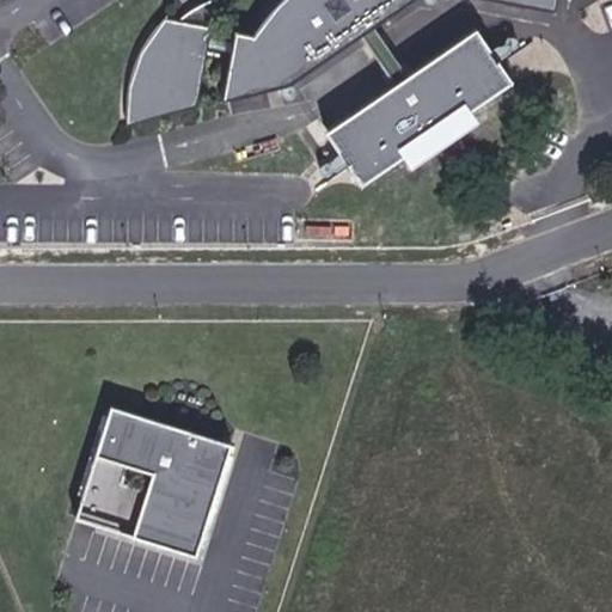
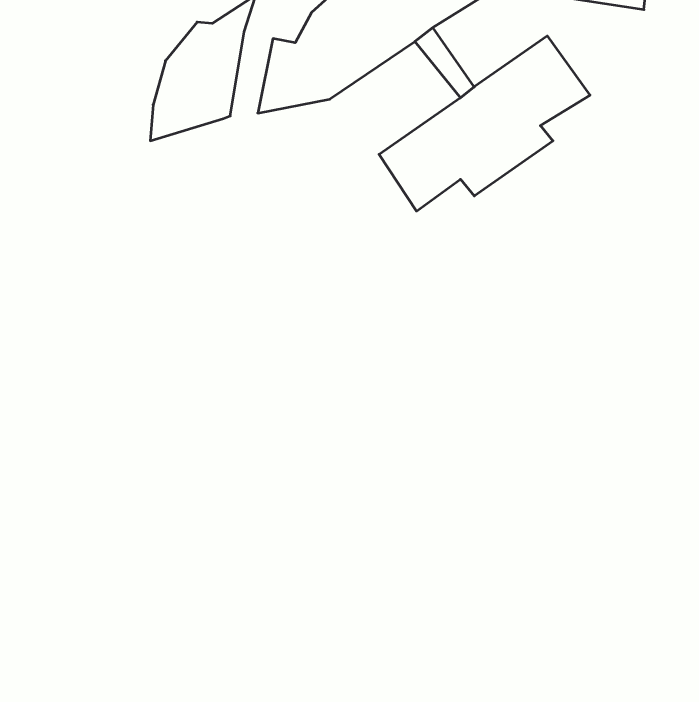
building: [68,403,228,557] -> none

